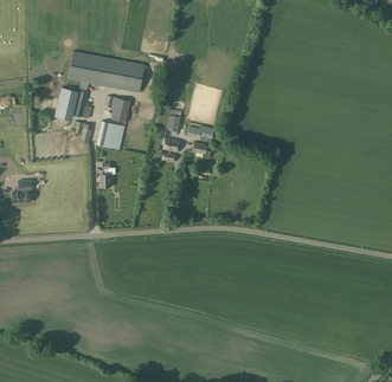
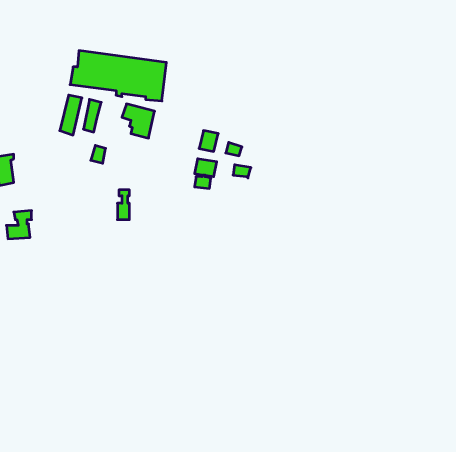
building: [98,121,124,149] -> none

